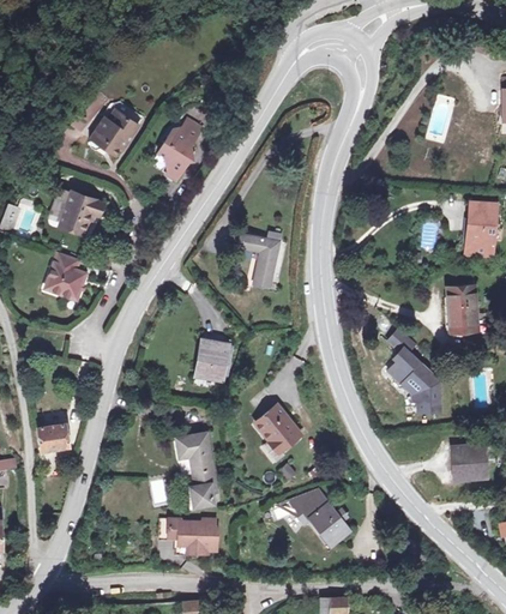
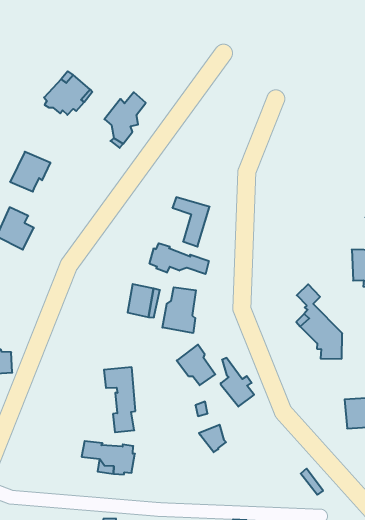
building: none -> [150,243,209,274]
building: none -> [162,287,196,333]
building: [308,488,347,542] -> [221,358,254,407]

